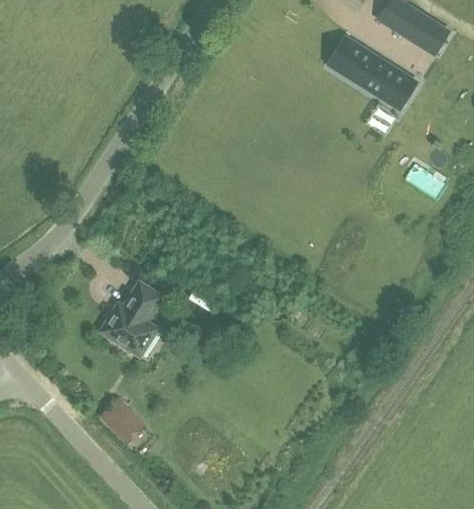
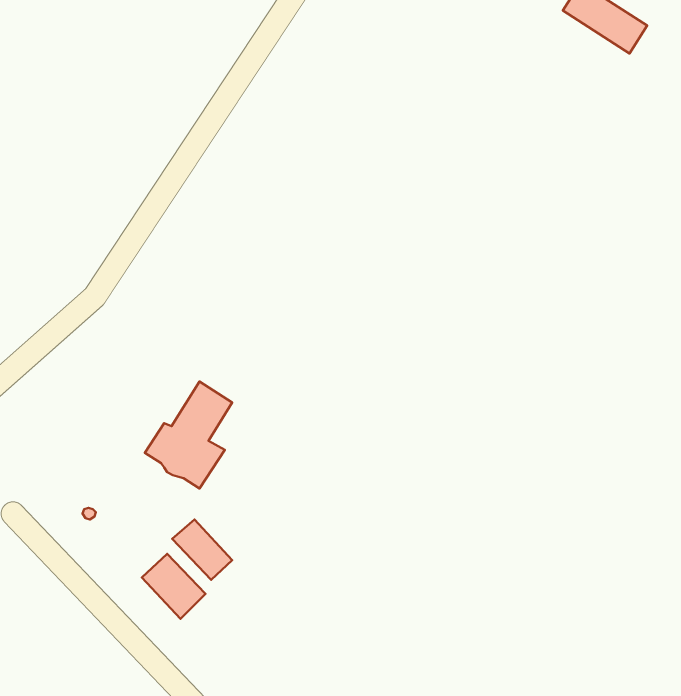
building: [339,40,415,106] -> none
building: none -> [172,519,232,580]

